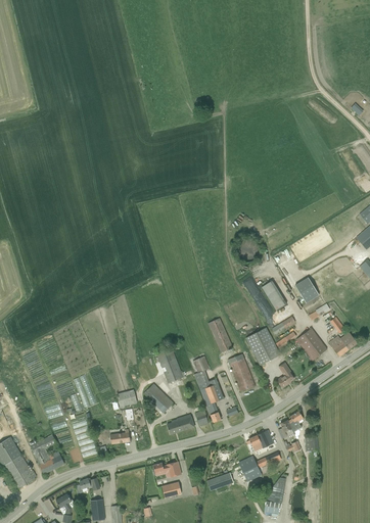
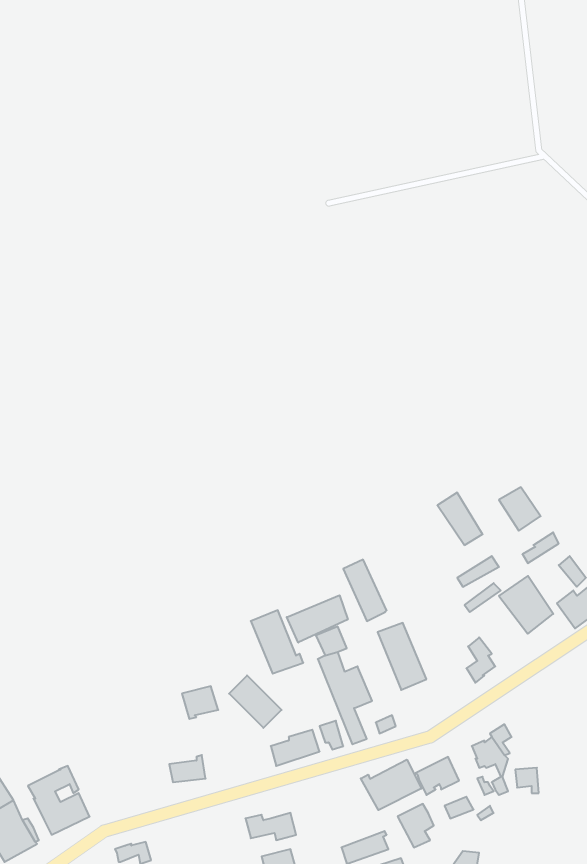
building: [245,328,280,366] -> none
building: none -> [287,595,348,643]
building: none -> [361,760,422,810]

